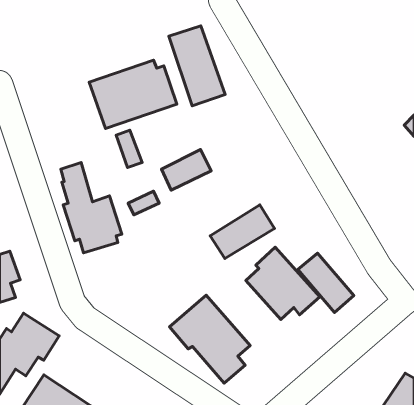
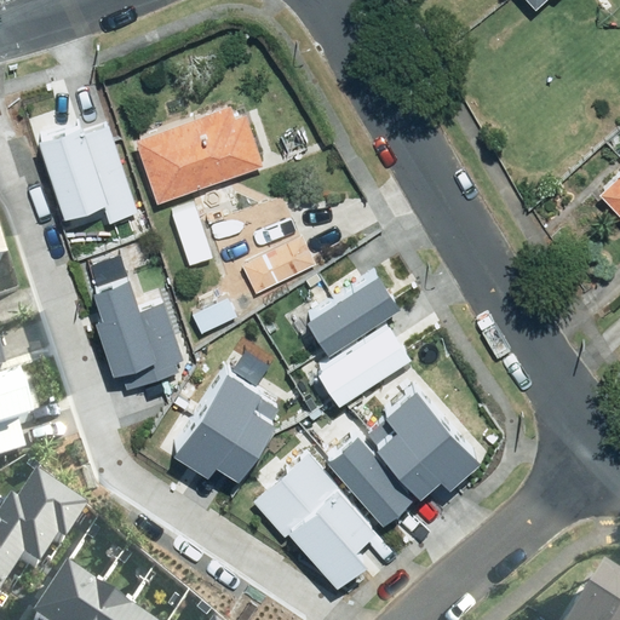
building: [169,26,225,106] -> none
building: none -> [38,120,138,225]
building: none -> [305,275,397,351]
building: none -> [173,371,282,477]
building: [298,253,354,313] -> [327,434,411,522]

